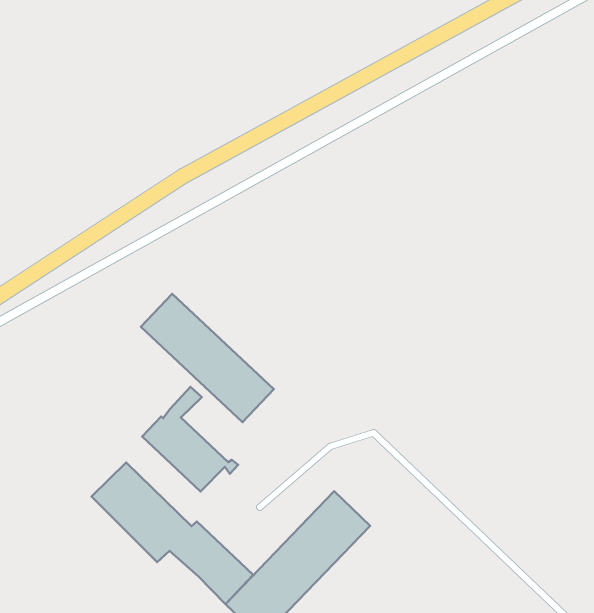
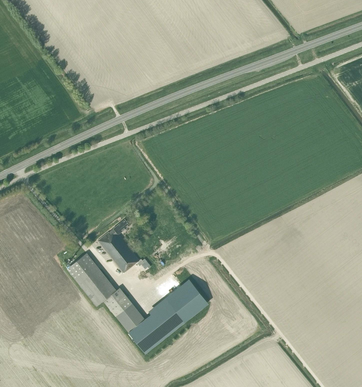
building: [141,294,274,422] -> none

